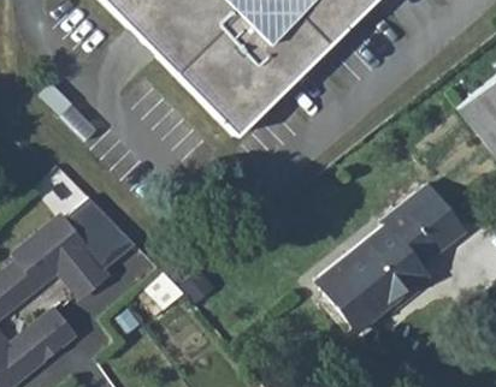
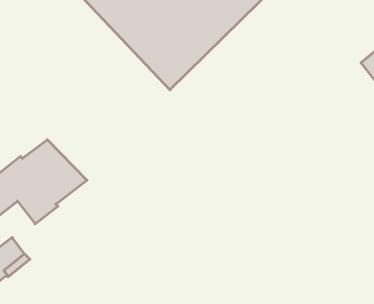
building: [314,185,466,334] -> none

